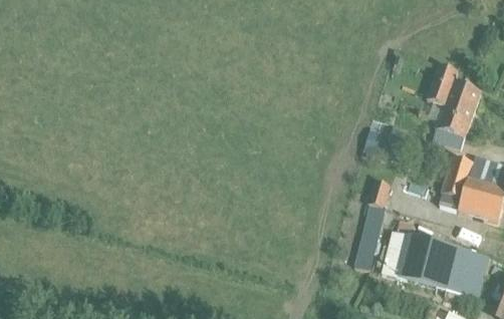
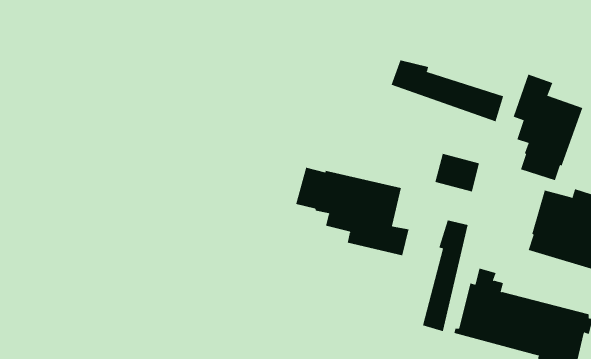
building: none -> [391,59,504,122]
building: none -> [296,167,409,256]

